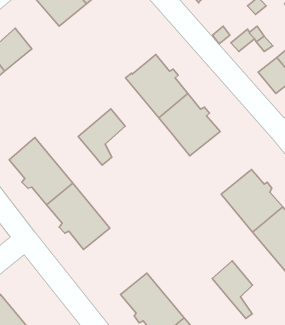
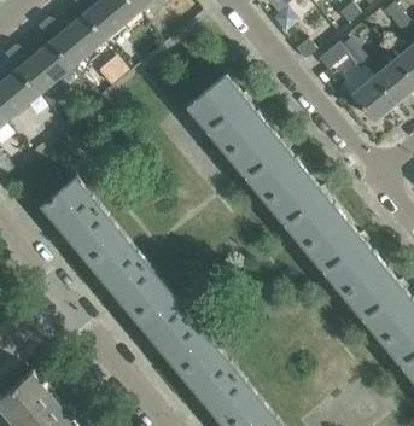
building: none -> [37,16,104,68]
building: [78,109,125,165] -> none
building: none -> [266,170,342,247]
building: none -> [134,290,212,372]
building: [212,261,253,319] -> none

